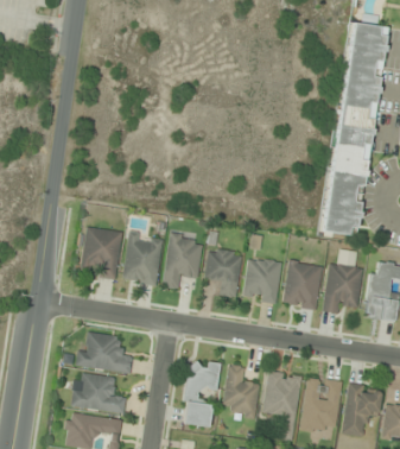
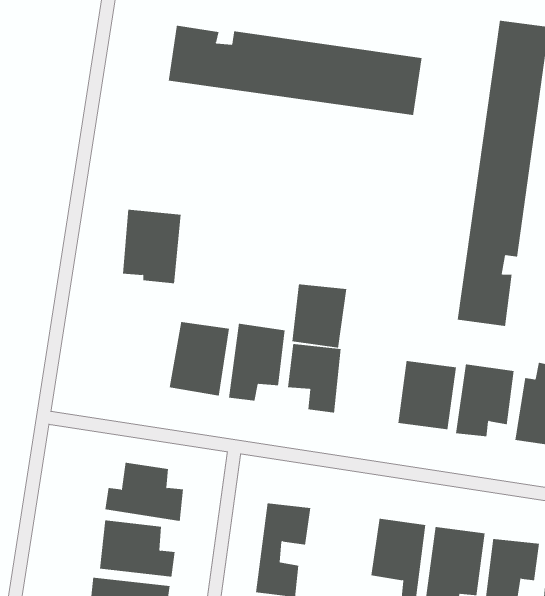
building: none -> [168,25,422,116]
building: [81,227,122,279] -> [122,209,182,284]
building: [243,258,282,303] -> [291,284,347,348]
building: [223,365,260,417] -> none

